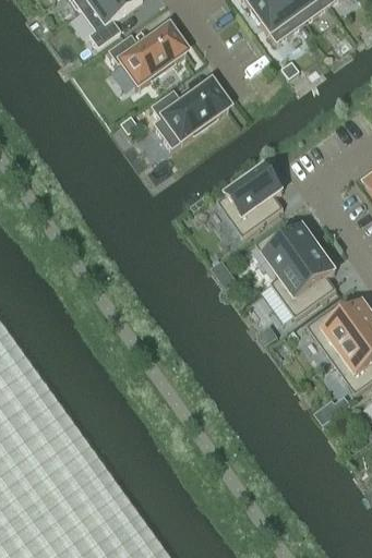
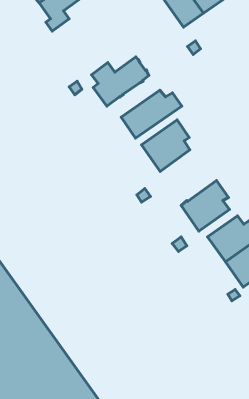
building: [107,24,184,84] -> none
building: none -> [121,90,182,138]
building: [255,218,319,275] -> none

